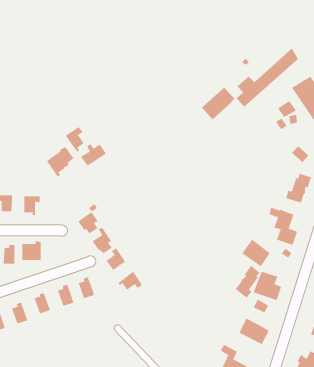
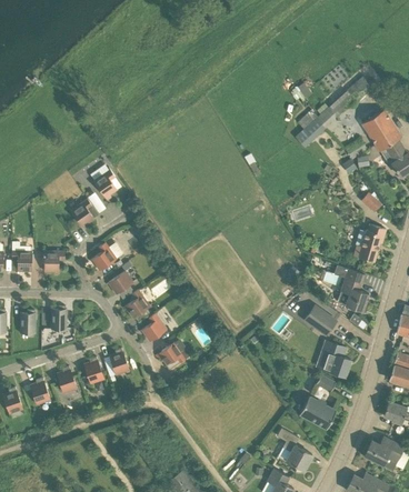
building: [201,87,235,120] -> none
building: [78,143,107,166] -> [89,242,123,270]
building: [235,265,260,298] -> none

